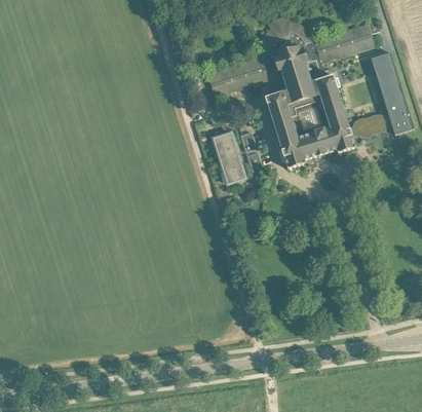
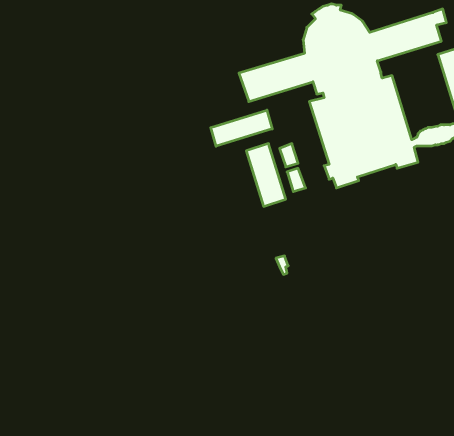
building: none -> [211,110,272,146]

